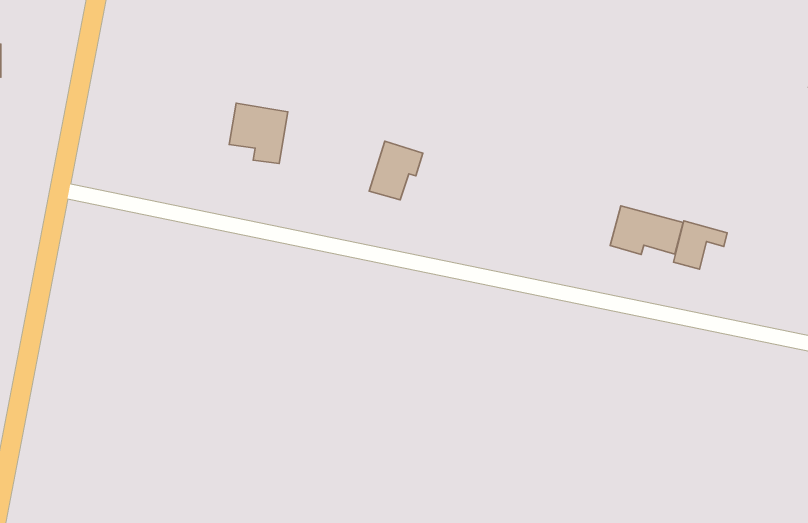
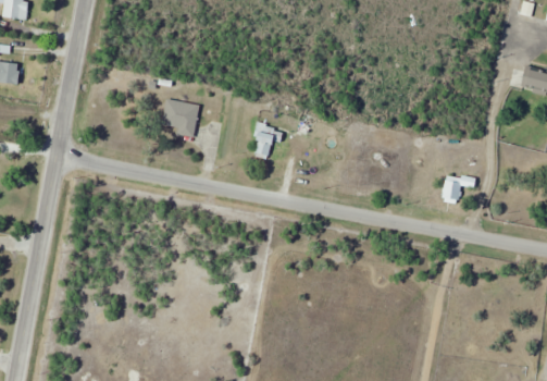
building: [610,206,683,254] -> none

